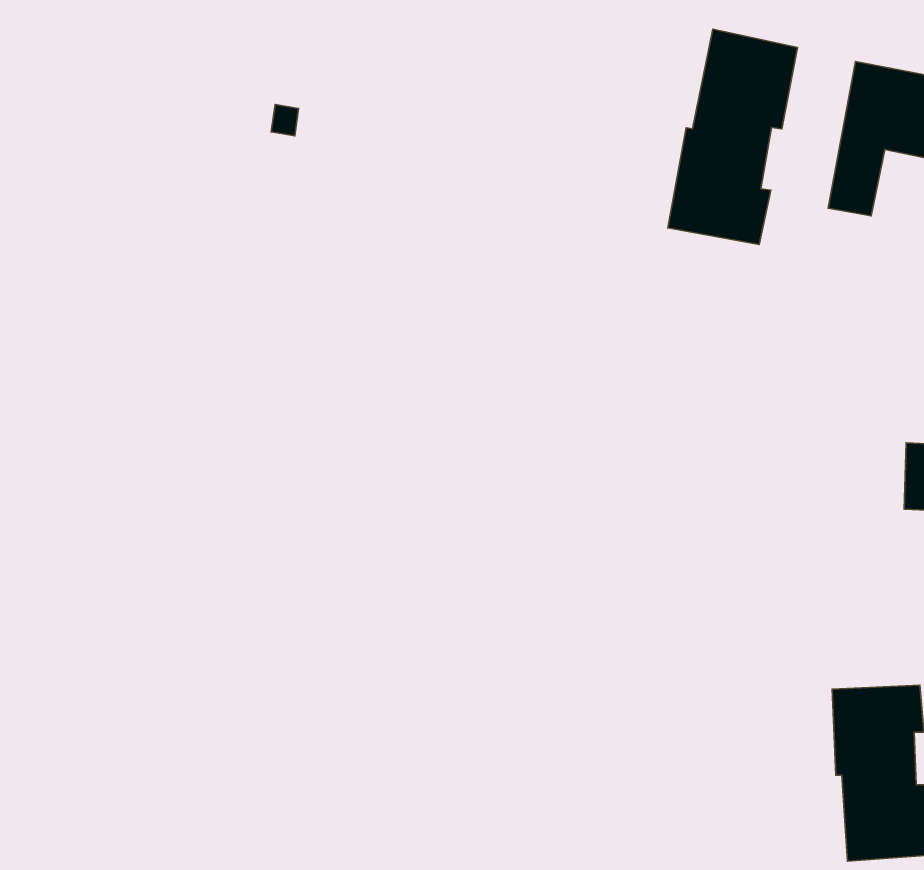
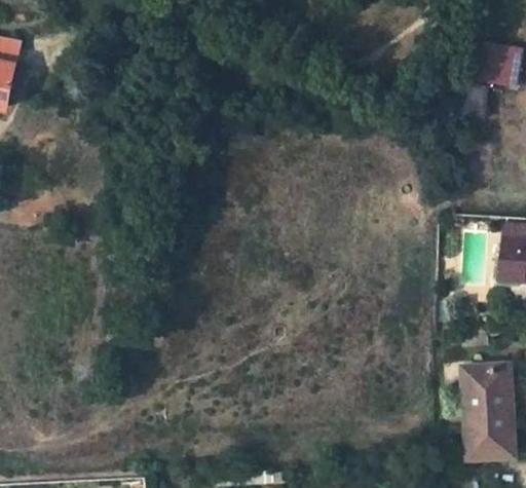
building: [668,29,798,244] -> none

